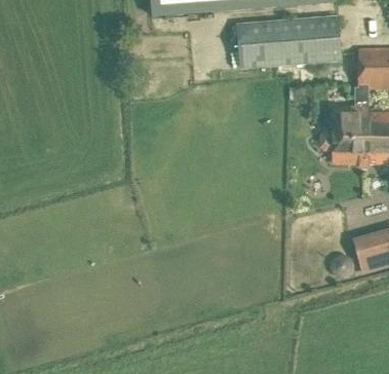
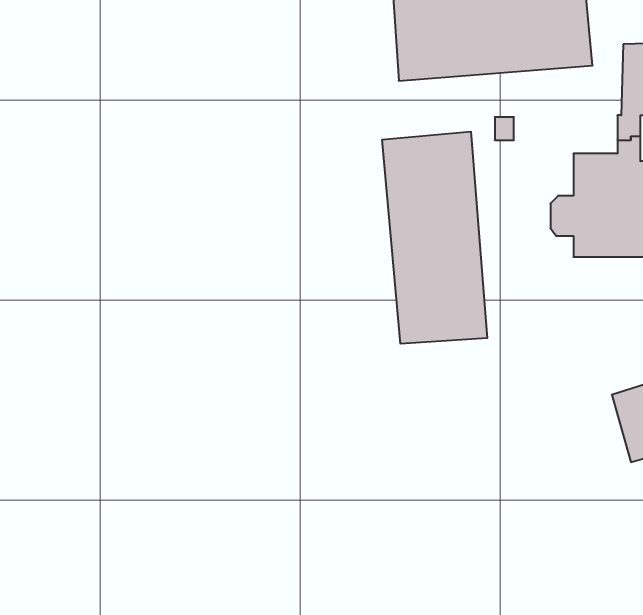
building: none -> [382,132,487,344]

